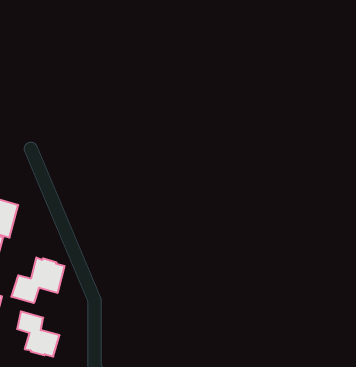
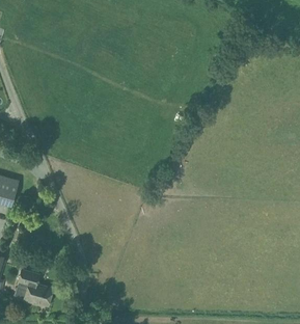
building: [11,257,65,303] -> none

